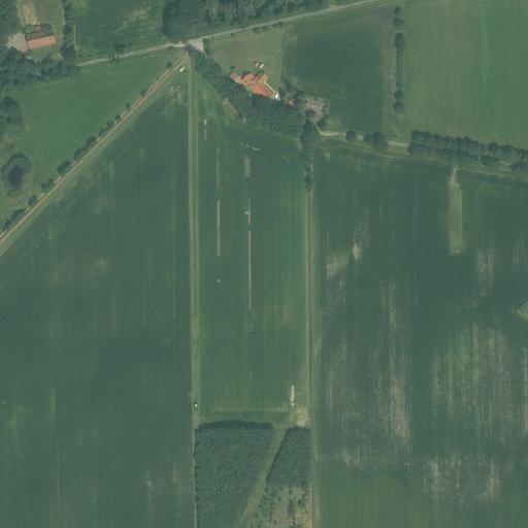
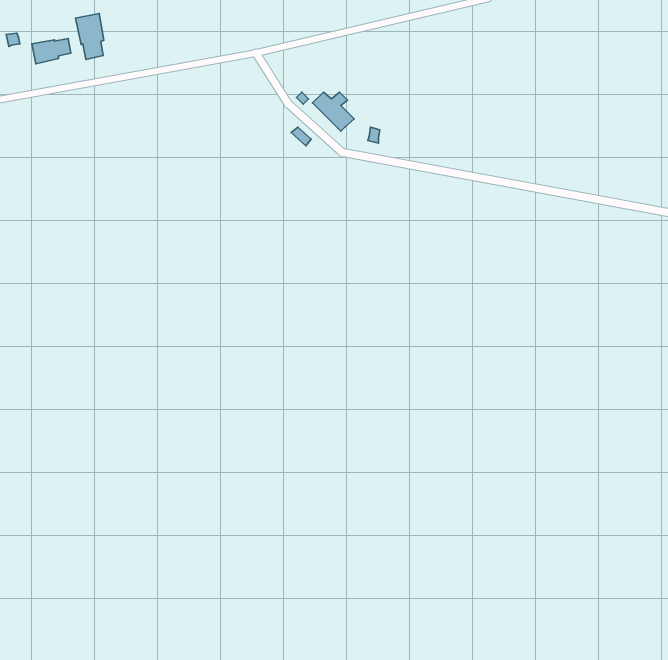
building: none -> [75,13,104,59]

